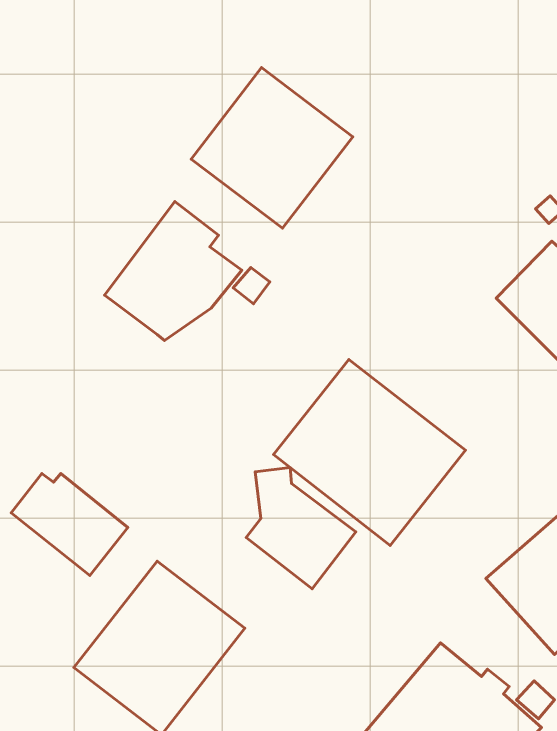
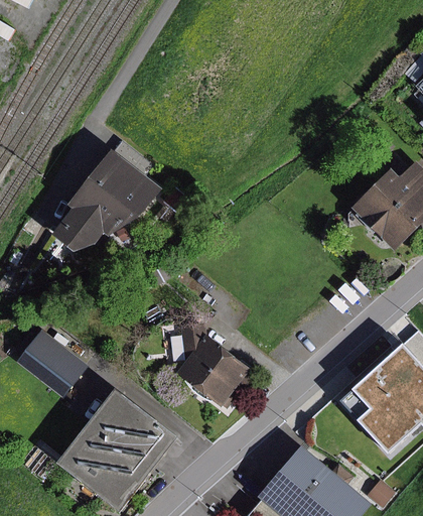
building: [191,68,353,228] -> none
building: none -> [44,209,112,266]
building: [274,360,466,545] -> none

